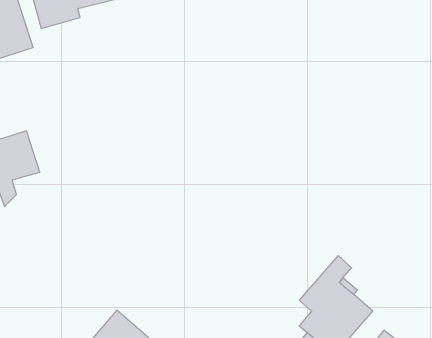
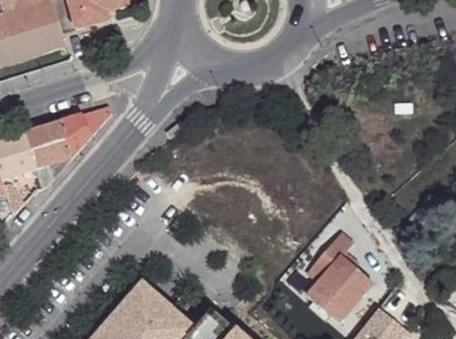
building: none -> [61,106,111,158]

